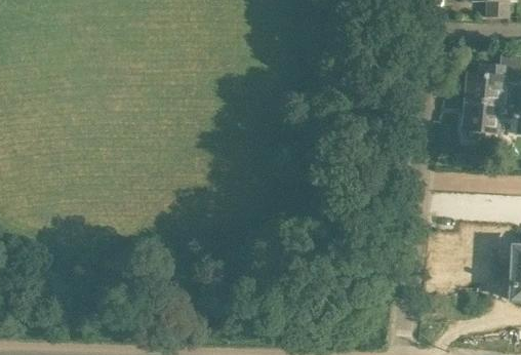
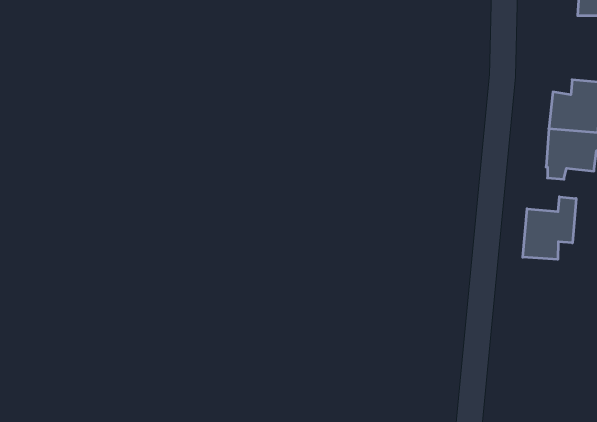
building: none -> [523,197,576,259]

